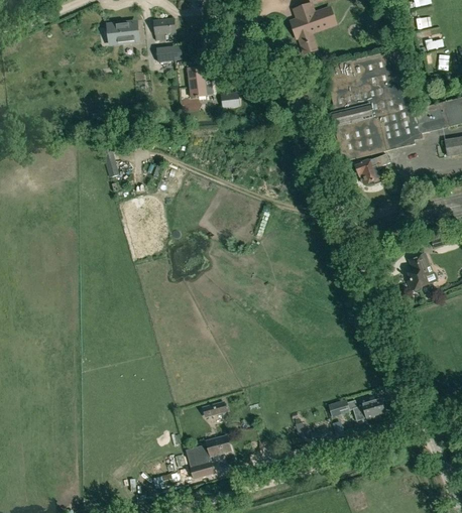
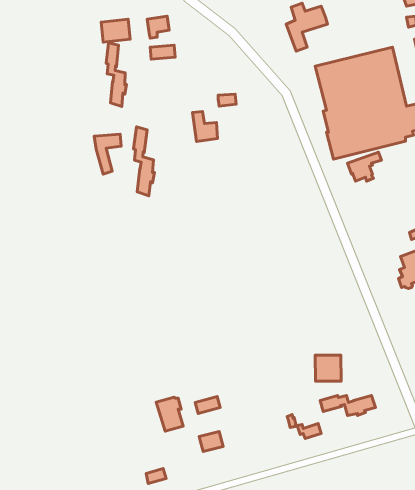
building: none -> [106,43,126,106]
building: [187,68,212,98] -> [193,111,218,141]
building: none -> [133,127,154,196]
building: none -> [315,355,341,381]
building: [185,444,212,479] -> [156,397,183,431]

